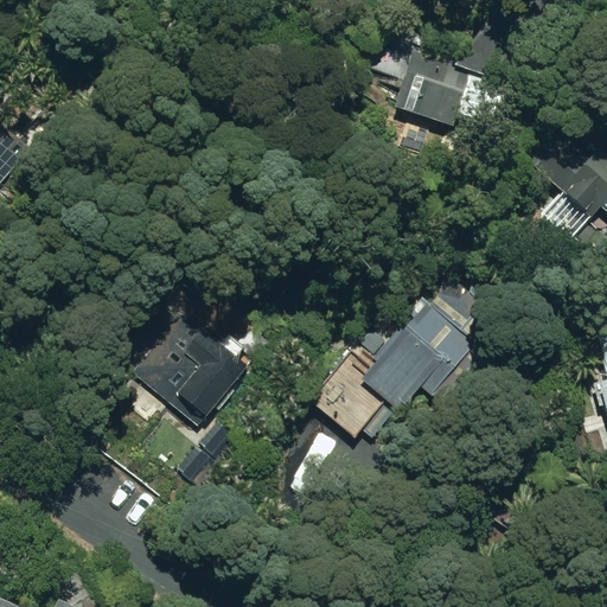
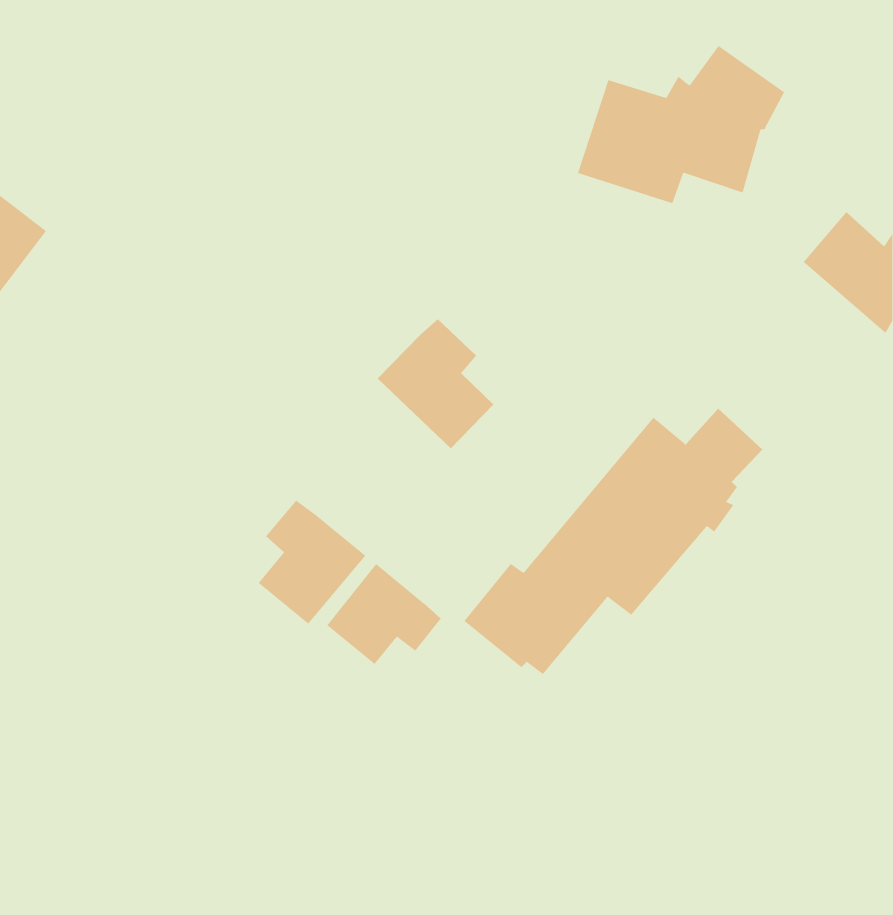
building: none -> [377,319,494,449]
building: none -> [326,563,441,665]

